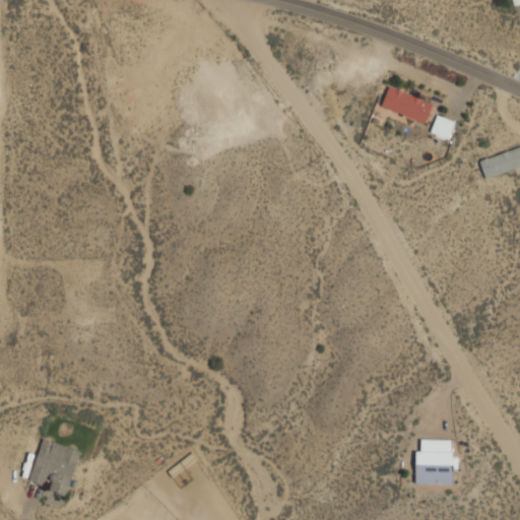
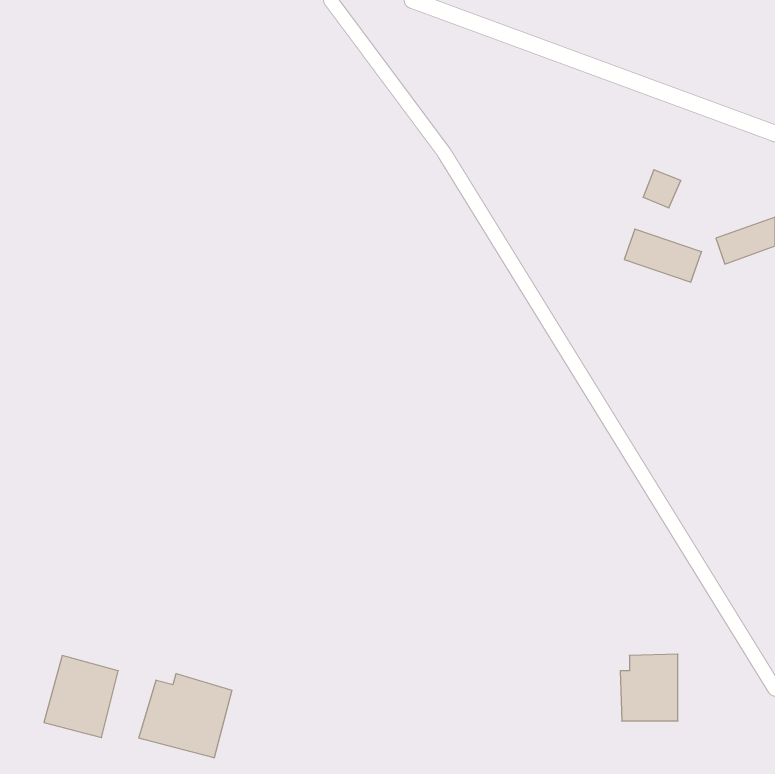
building: [381,87,433,123] -> [624,229,702,282]
building: none -> [139,674,232,758]

